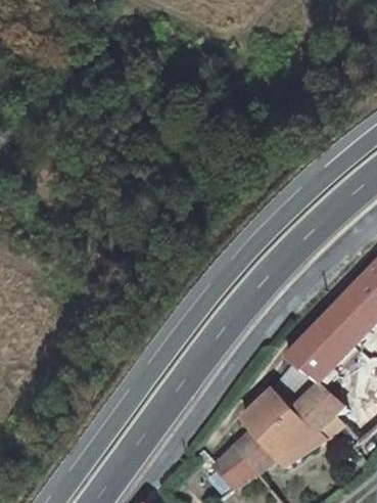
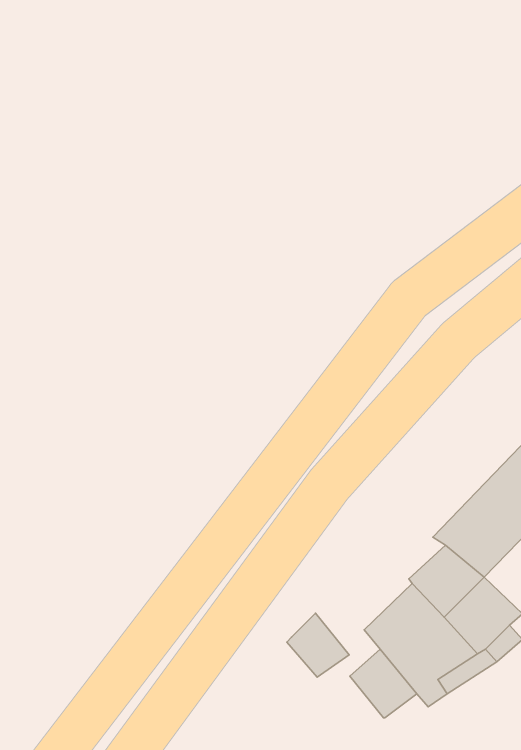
building: [215,446,254,487] -> [287,613,349,677]

